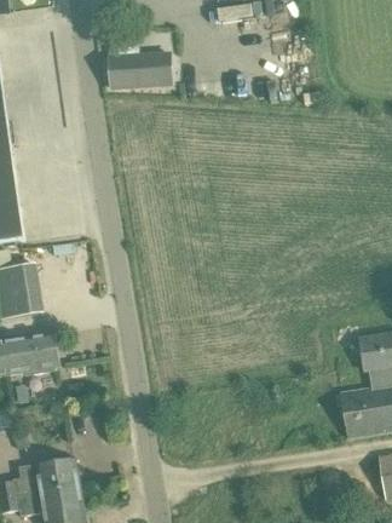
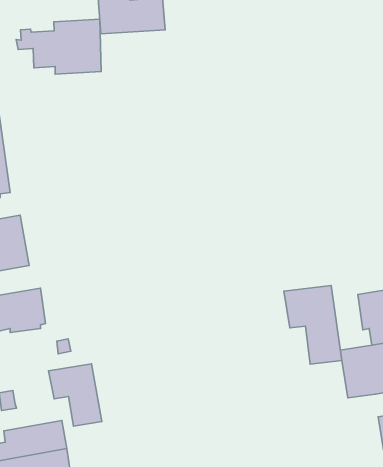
building: none -> [16,19,101,74]
building: none -> [284,286,342,364]
building: none -> [49,364,102,426]

